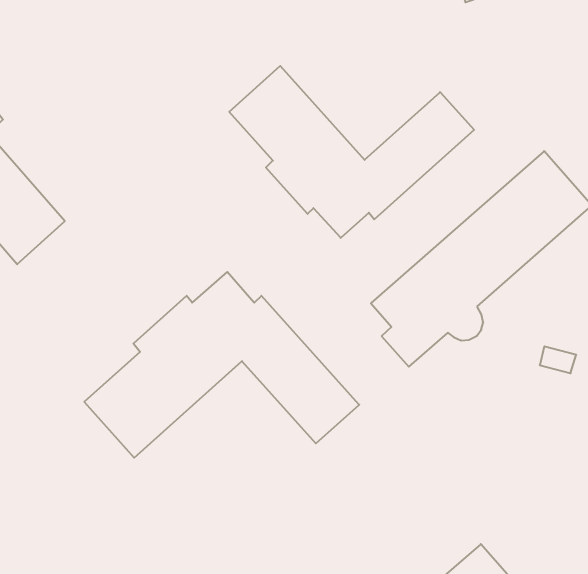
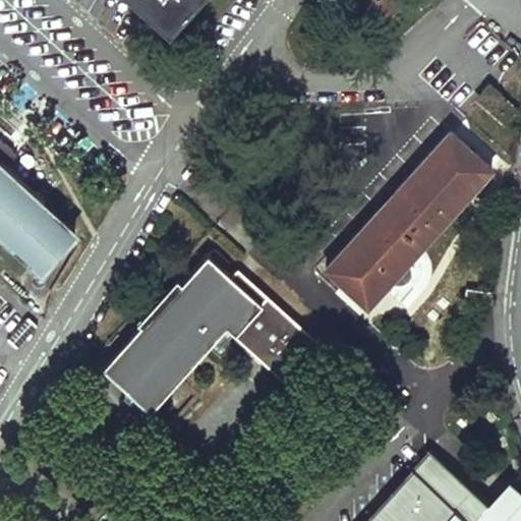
building: [229,66,474,238] -> none

